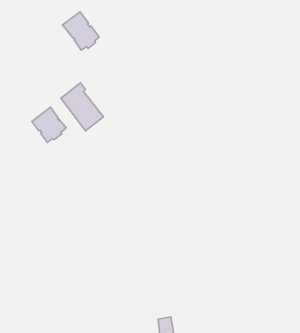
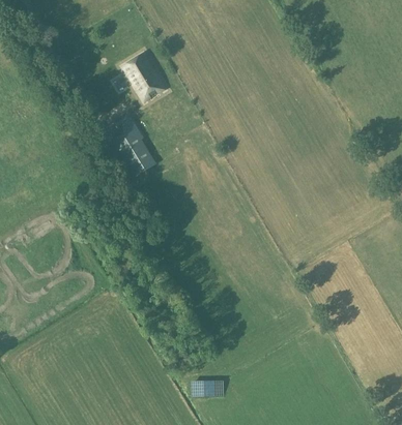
building: [32,107,66,142] -> none

